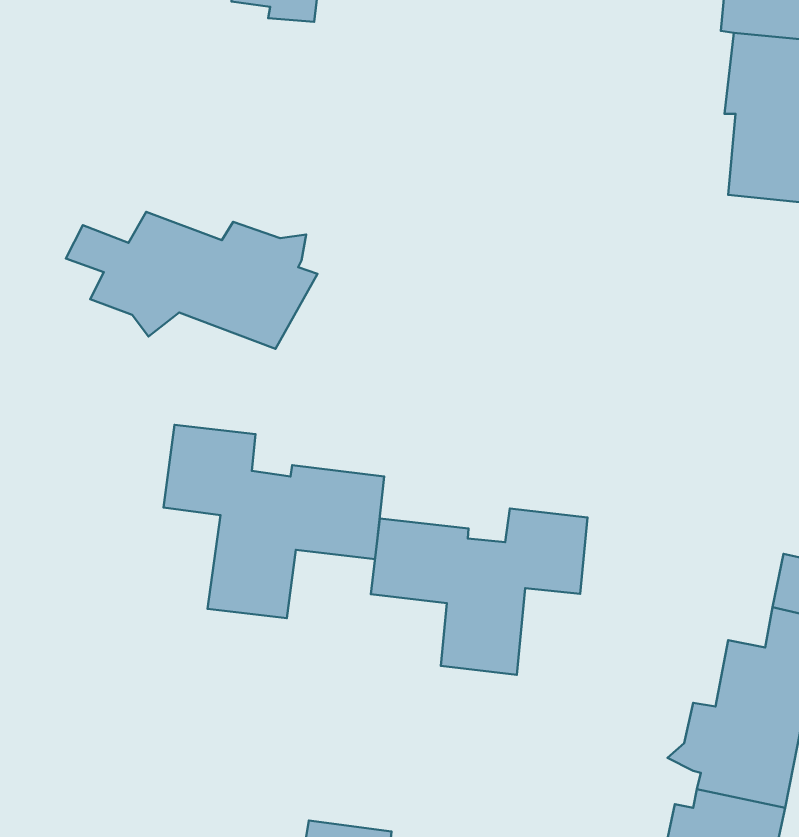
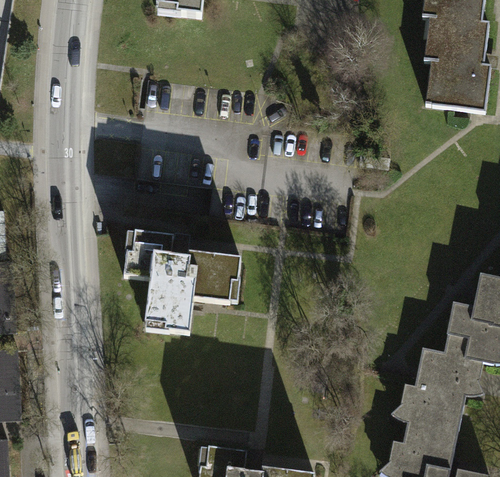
building: [66,212,317,349] -> none
building: [371,508,588,675] -> none

